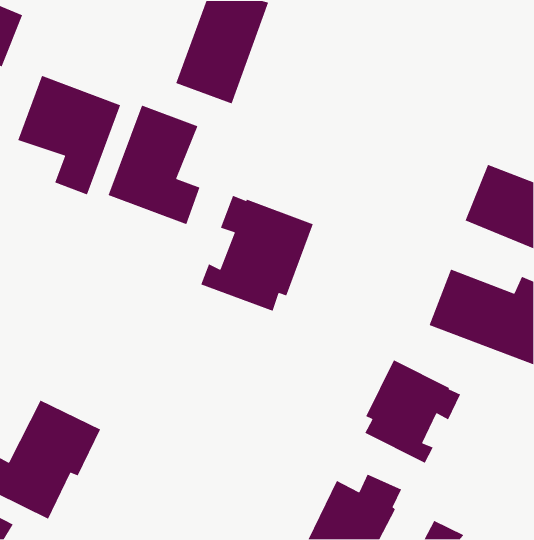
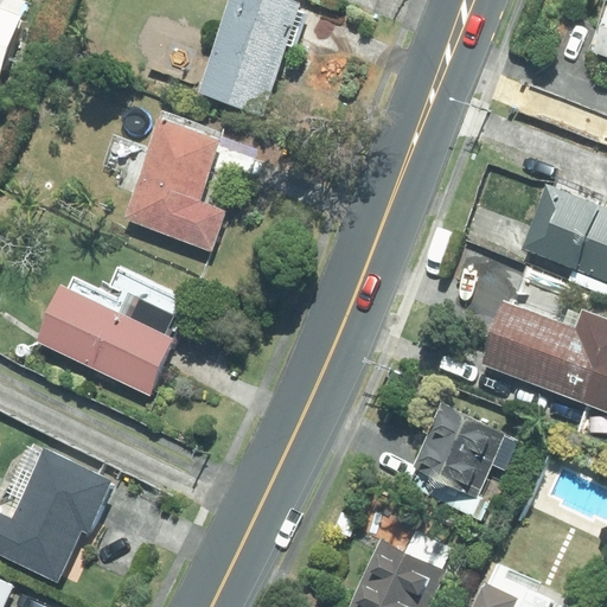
building: [17,75,121,196] -> none
building: [200,195,314,312] -> none
building: none -> [37,276,183,397]

